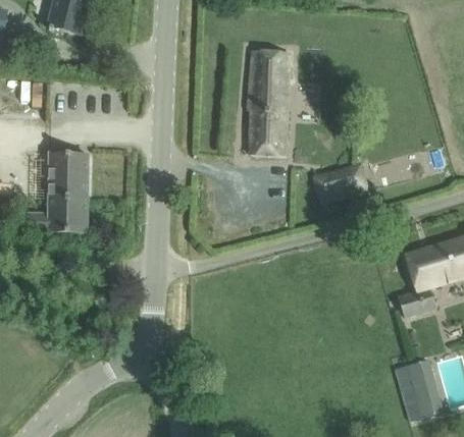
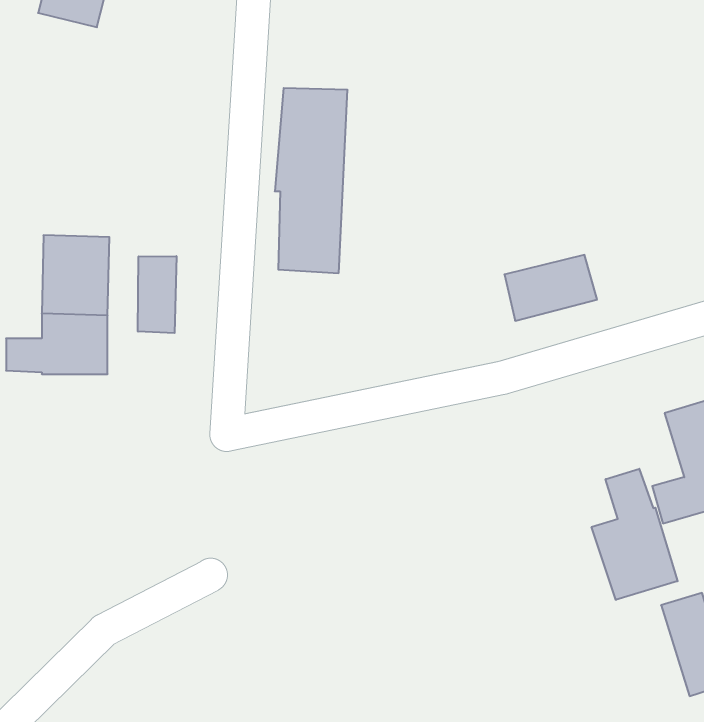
building: [247,50,289,156] -> [275,88,348,273]
building: none -> [138,256,176,333]
building: none -> [592,469,678,600]

